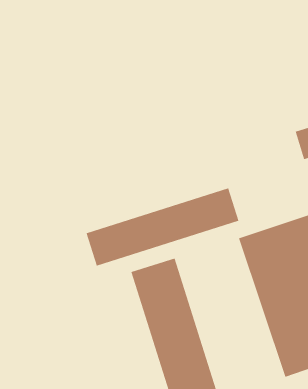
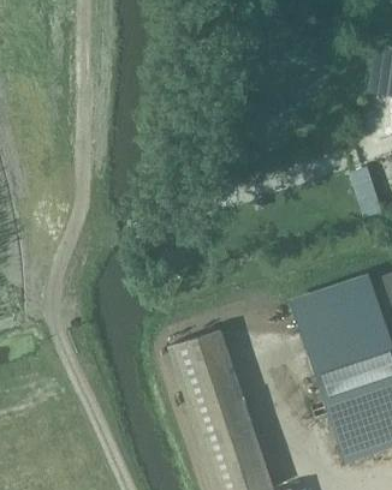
building: [86,188,239,266] -> none

